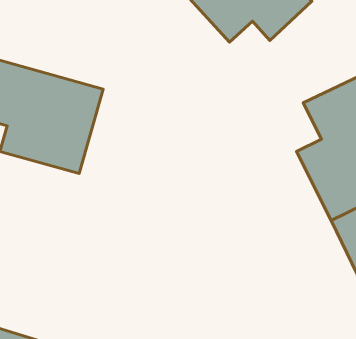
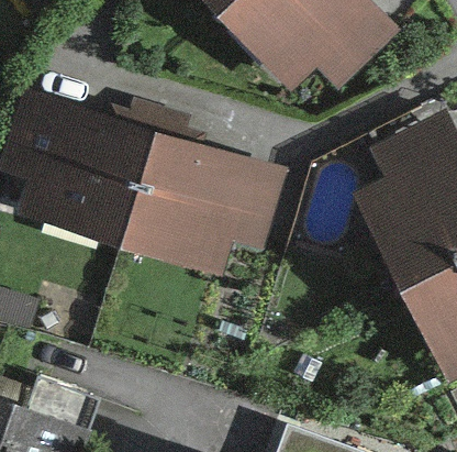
building: none -> [120,135,272,258]

